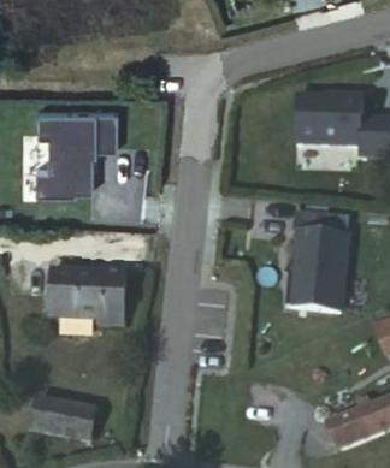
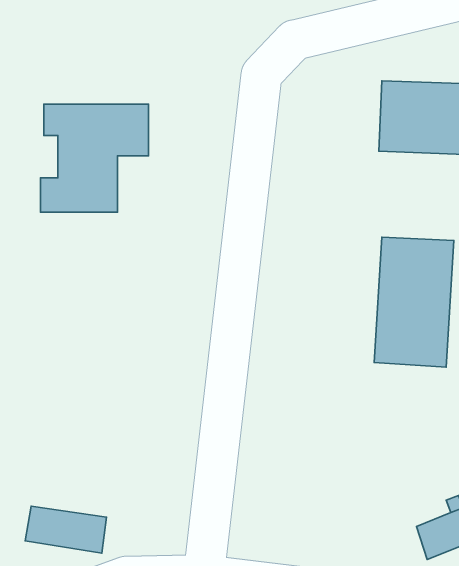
building: [41,274,116,338] -> none

